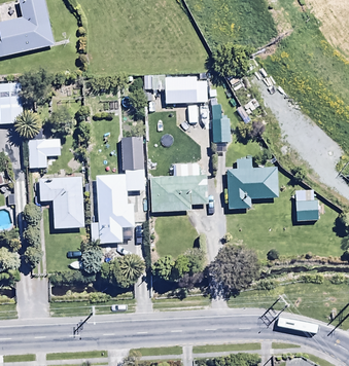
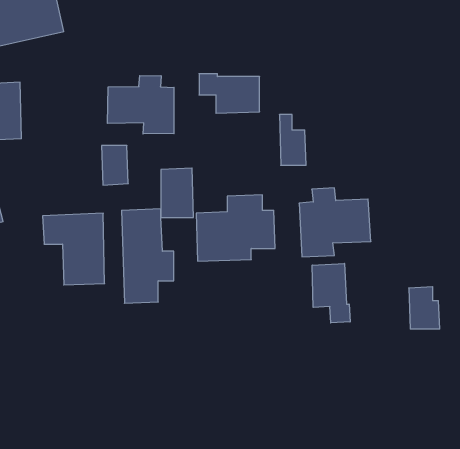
building: none -> [108,76,174,134]
building: [27,139,46,168] -> [102,146,128,185]
building: [295,189,318,220] -> [409,287,440,329]
building: none -> [312,263,350,323]

